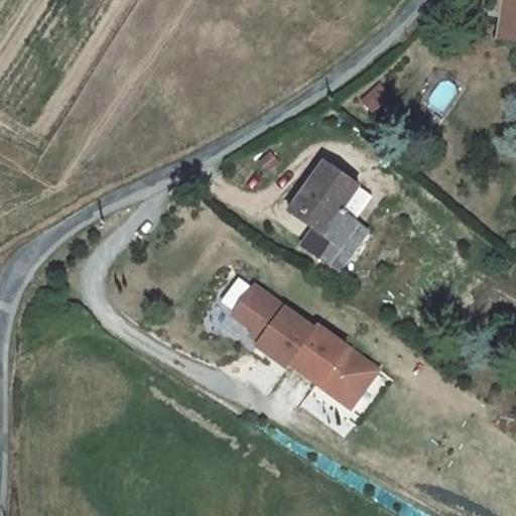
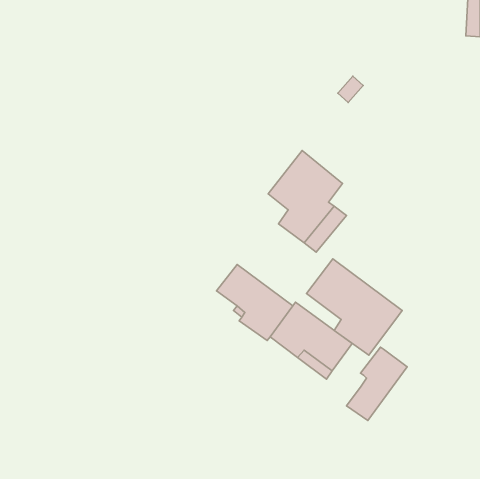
building: none -> [306,259,402,355]
building: none -> [347,347,407,420]

